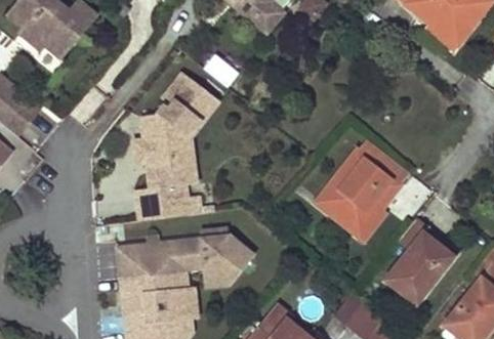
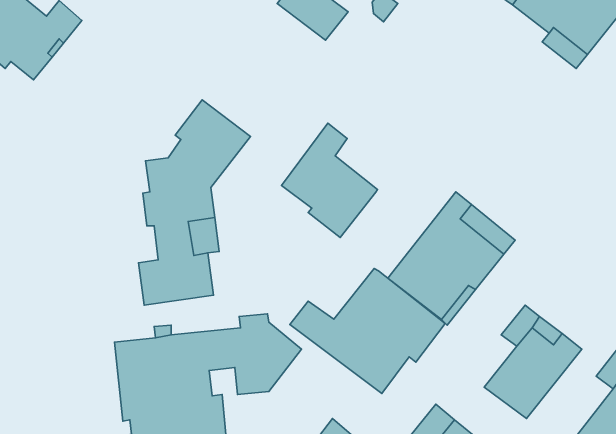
building: none -> [281,123,377,237]
building: none -> [290,268,445,394]

